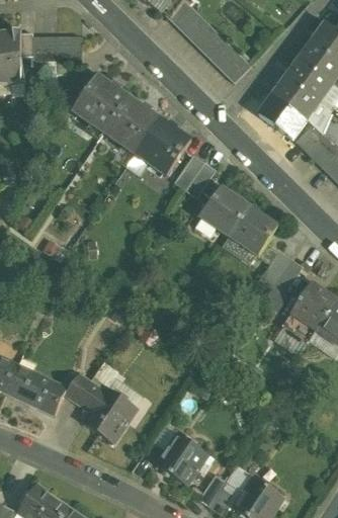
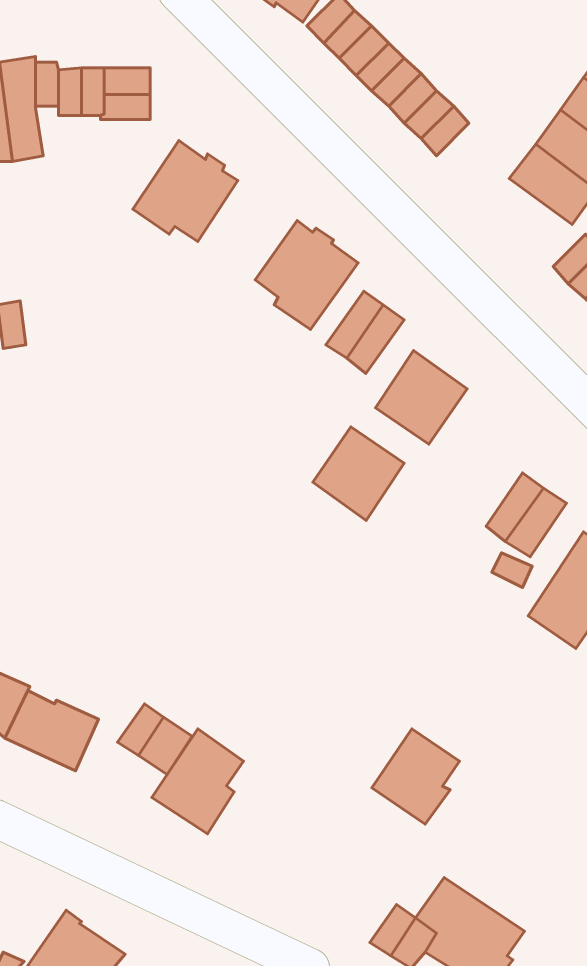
building: [259,95,306,138] -> none
building: [104,96,160,149] -> none
building: [230,206,278,256] -> [313,427,404,520]
building: [157,433,203,484] -> [372,729,460,824]

